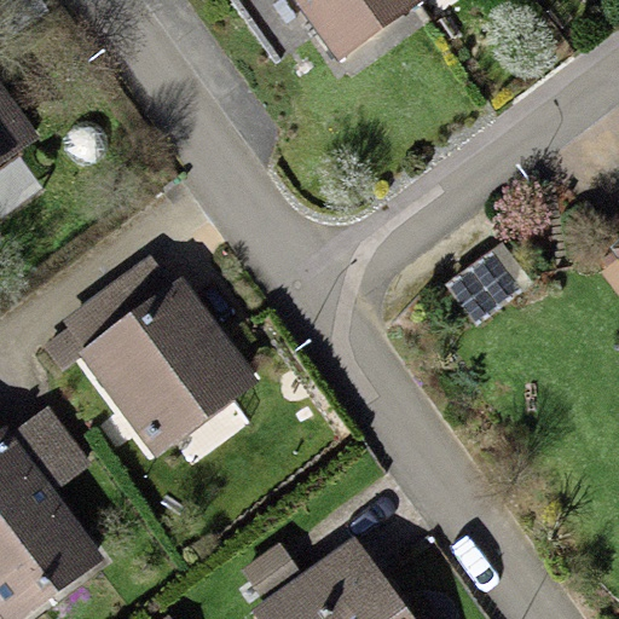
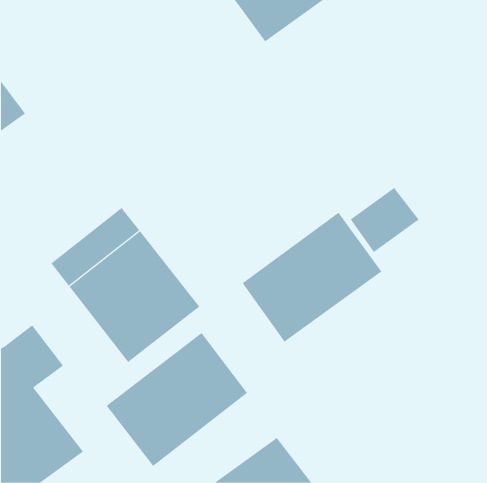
building: none -> [242,212,382,342]
building: none -> [106,332,248,467]

